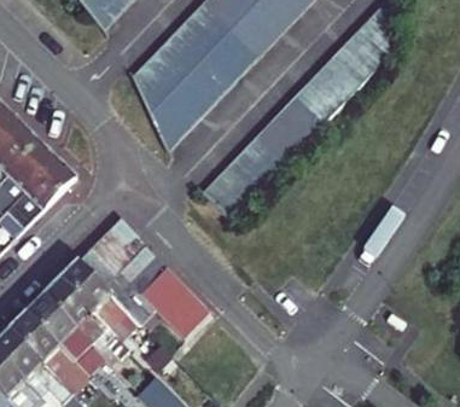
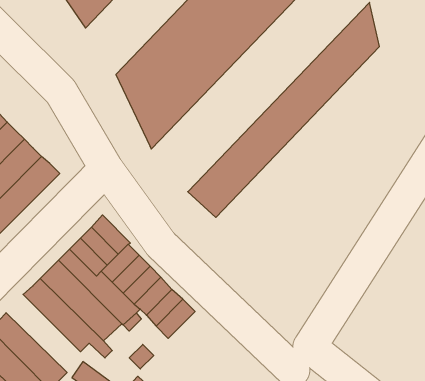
building: [23,296,101,374] -> none

